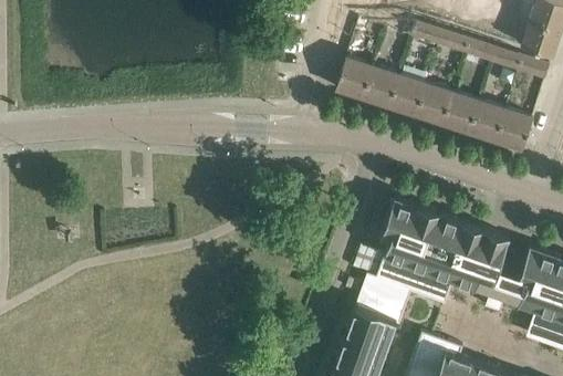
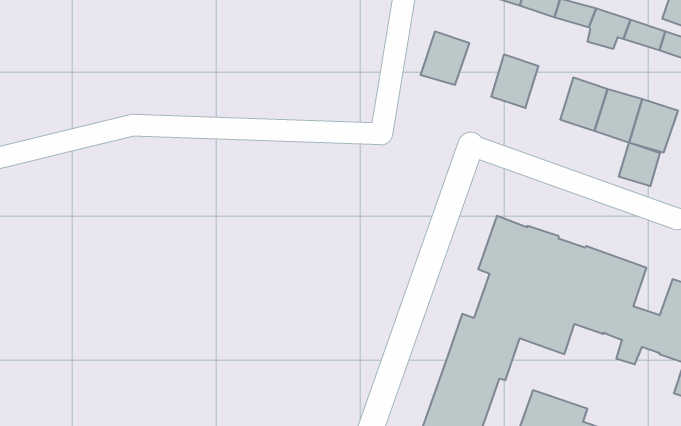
building: [363,66,400,107] -> none
building: [417,84,453,125] -> none
building: none -> [619,142,660,186]

